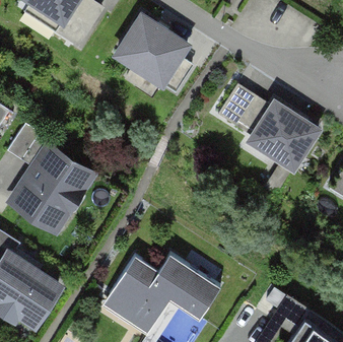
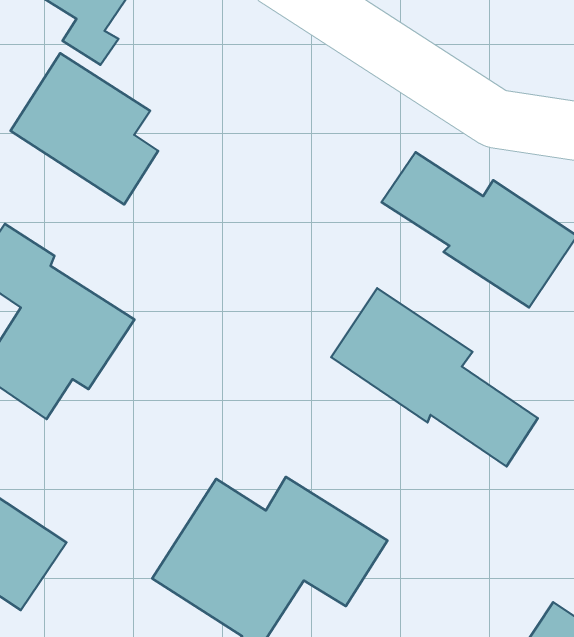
building: [118,15,193,92] -> [10,53,158,204]
building: none -> [331,288,538,467]

